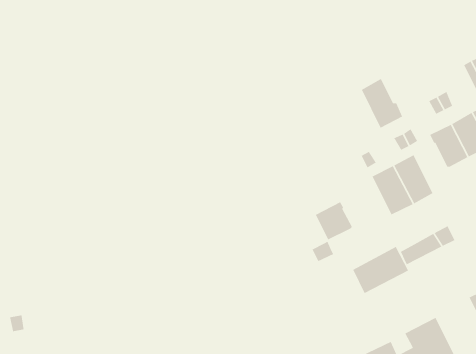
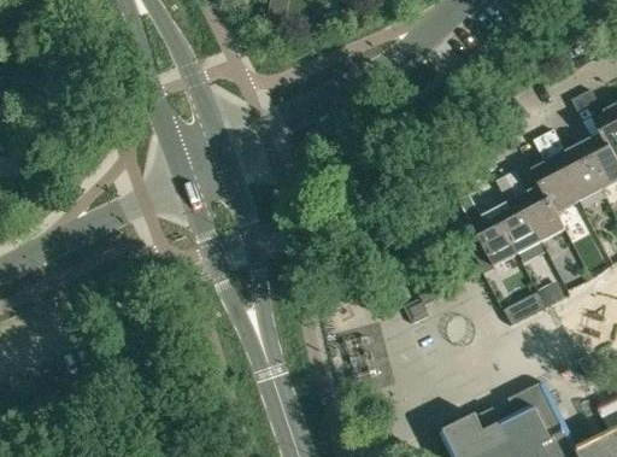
building: [361,79,403,129] -> [519,187,566,242]
building: [315,201,353,240] -> none
building: [352,246,409,294] -> none

